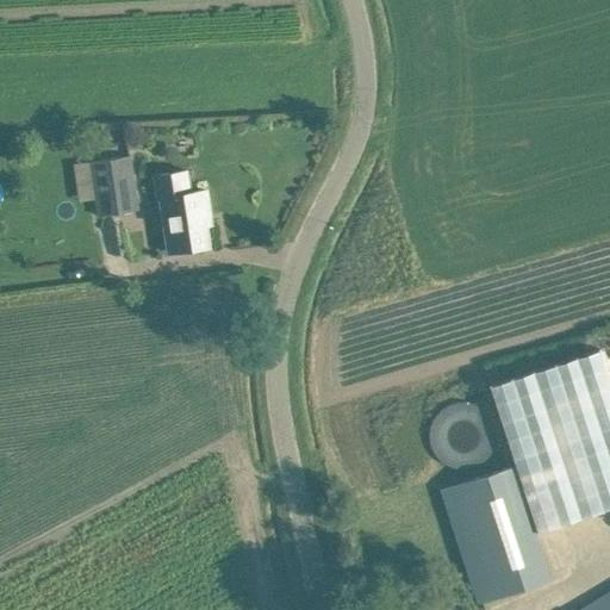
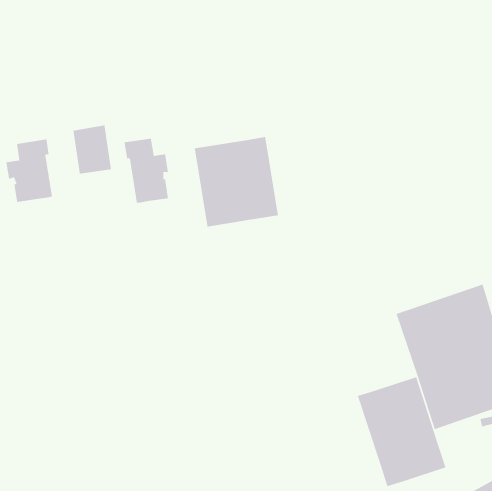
building: none -> [194,136,279,228]
building: none -> [6,138,53,203]

